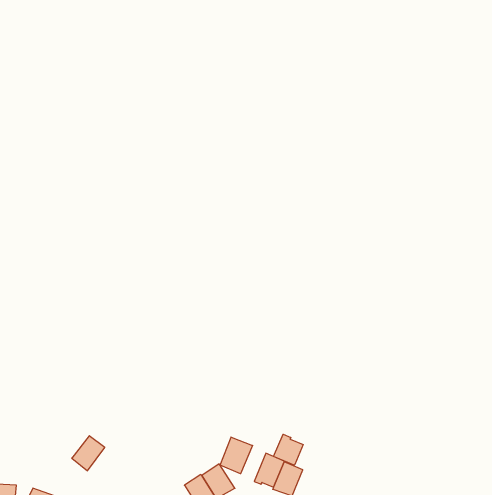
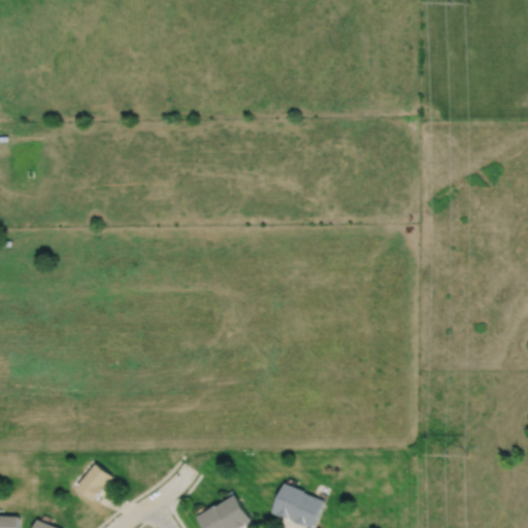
building: [273,434,303,465] -> none
building: [220,437,253,474] -> none

